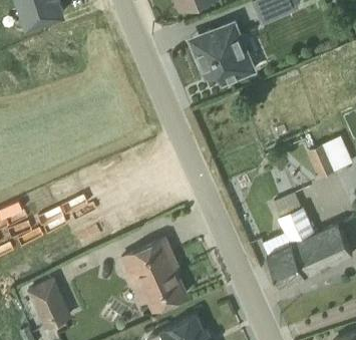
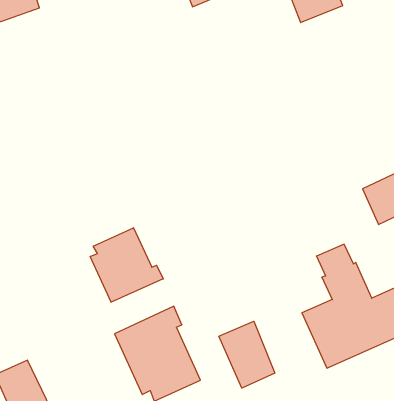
building: [192,20,255,81] -> none
building: none -> [90,228,163,302]
building: none -> [219,321,275,388]

